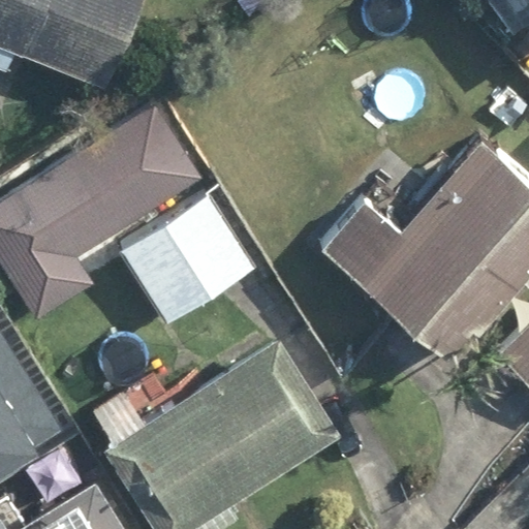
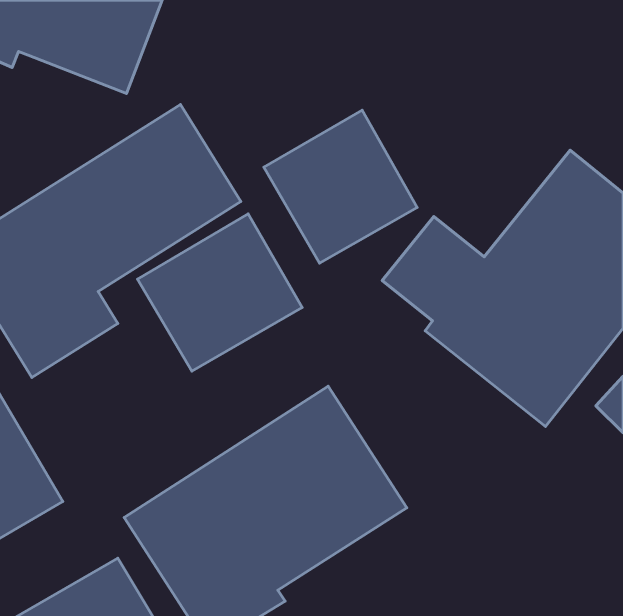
building: none -> [264,110,417,263]

